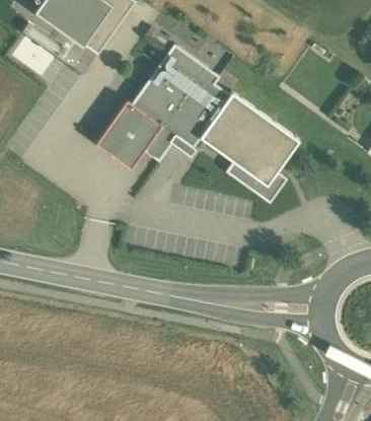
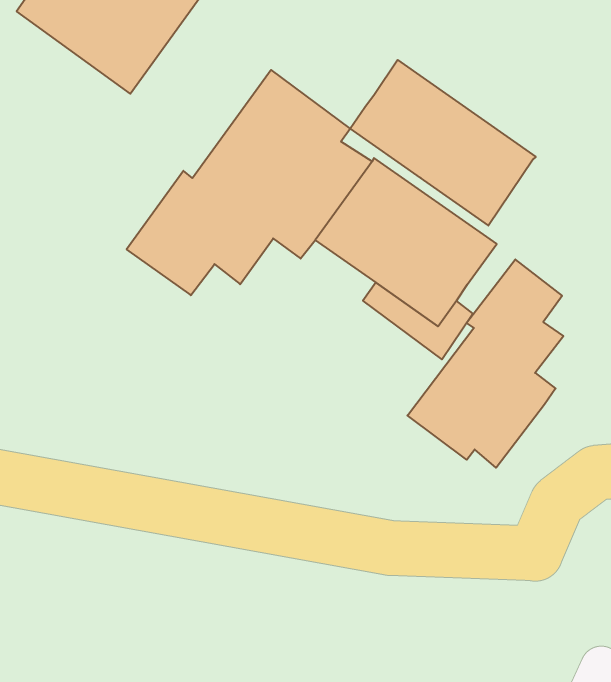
building: none -> [350,60,536,226]
building: none -> [407,259,563,468]

